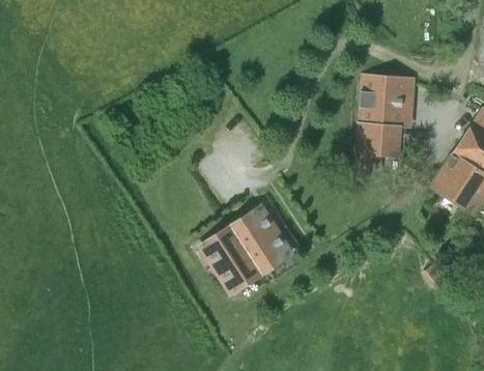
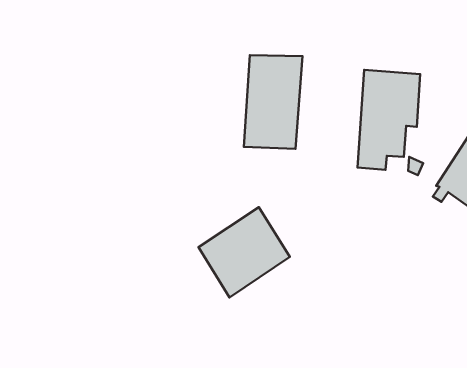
building: none -> [244,55,302,149]

